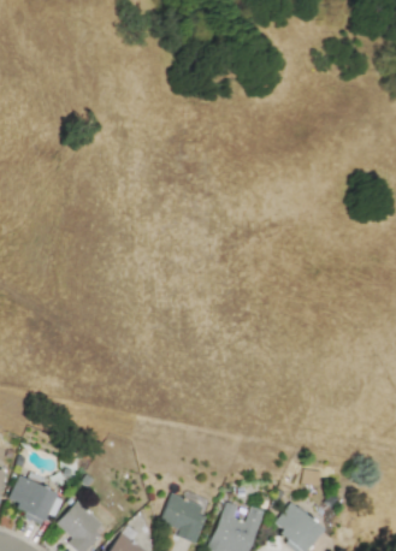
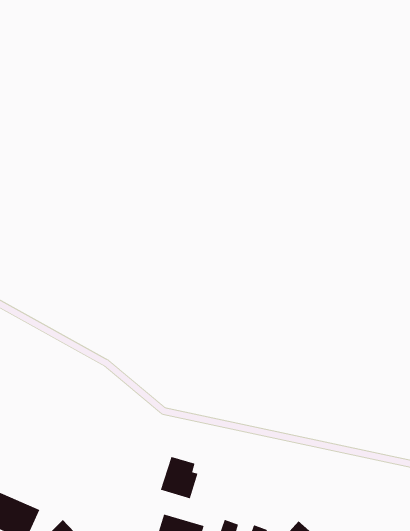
building: none -> [160,456,198,499]

